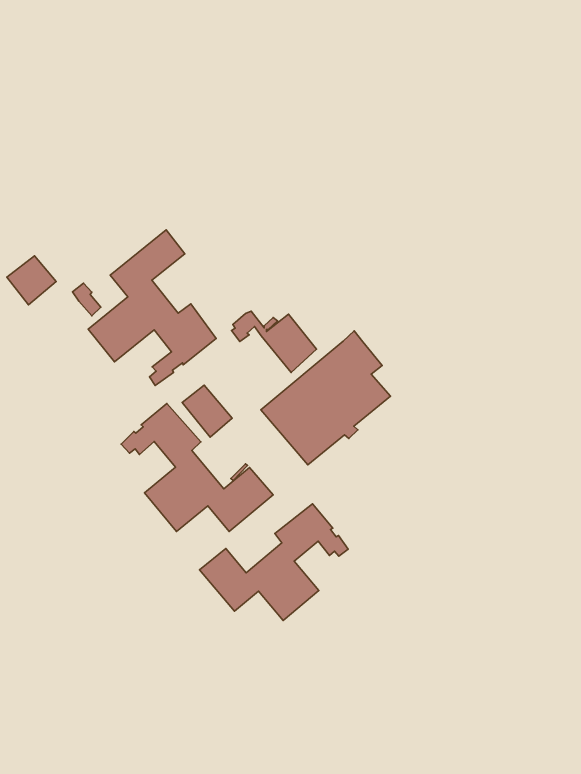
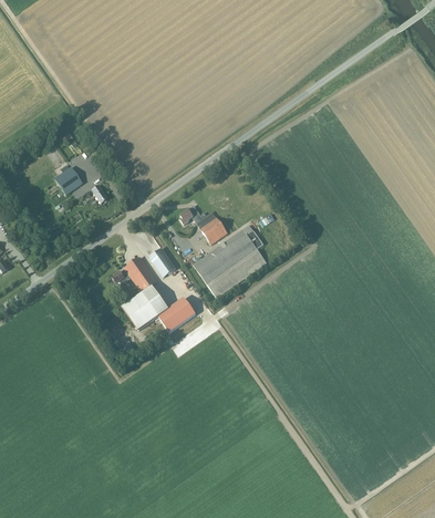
building: [88,230,216,386] -> none
building: [200,504,348,620] -> none

